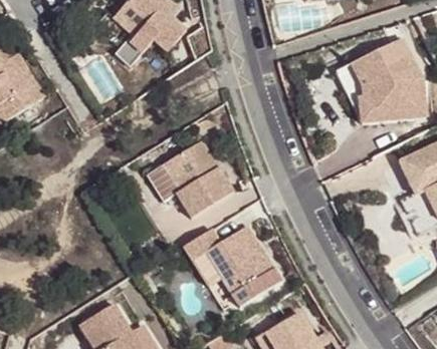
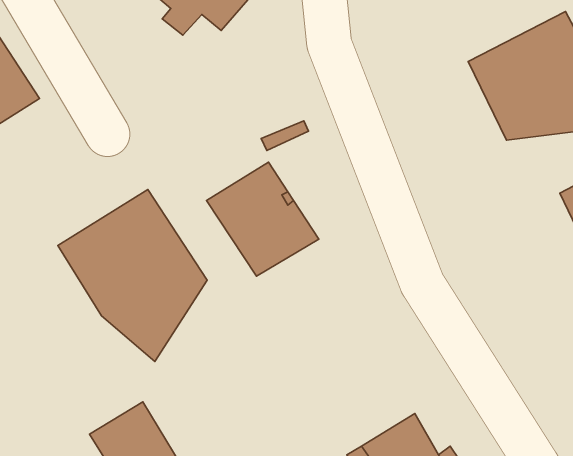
building: none -> [58,190,207,362]
building: [184,226,281,307] -> none

